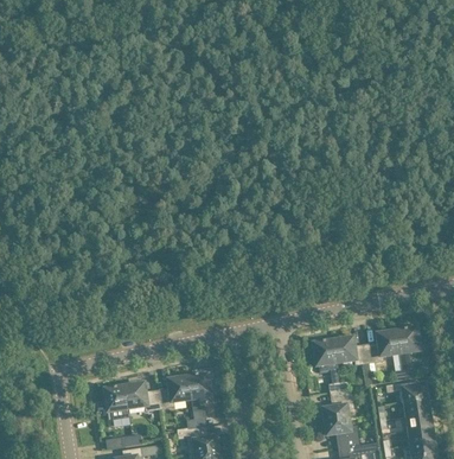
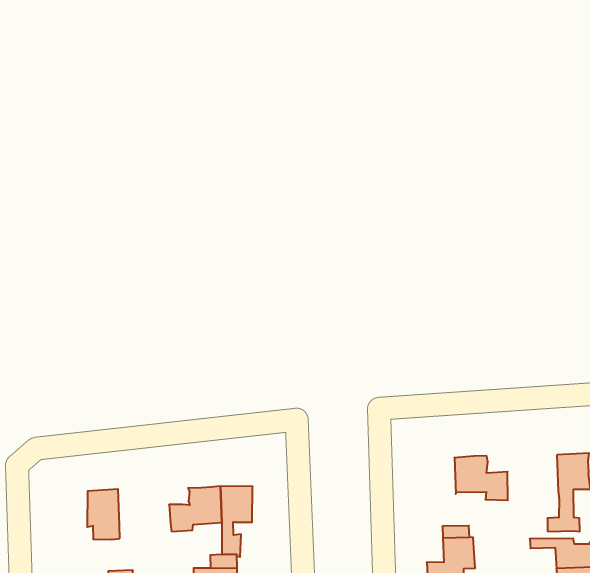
building: [367,331,401,363] -> none
building: [314,340,338,370] -> none
building: [124,383,161,410] -> none

